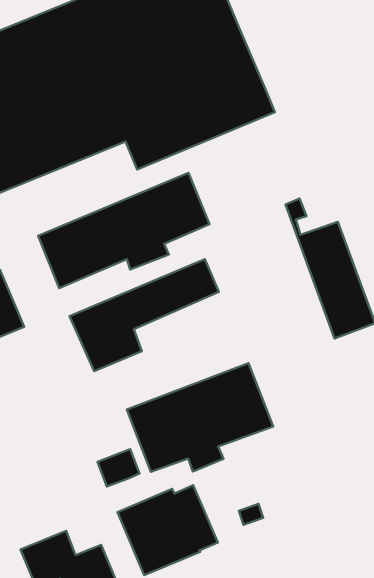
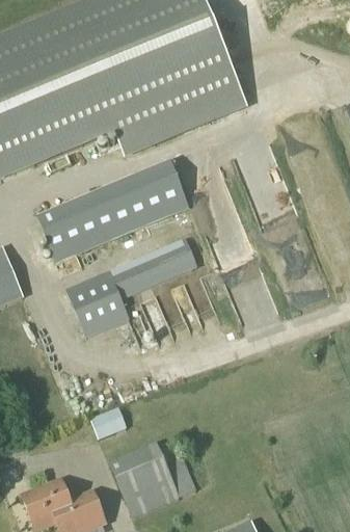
building: [127,363,273,472] -> none

